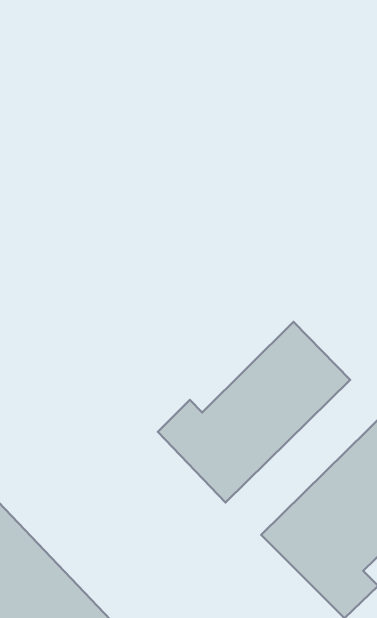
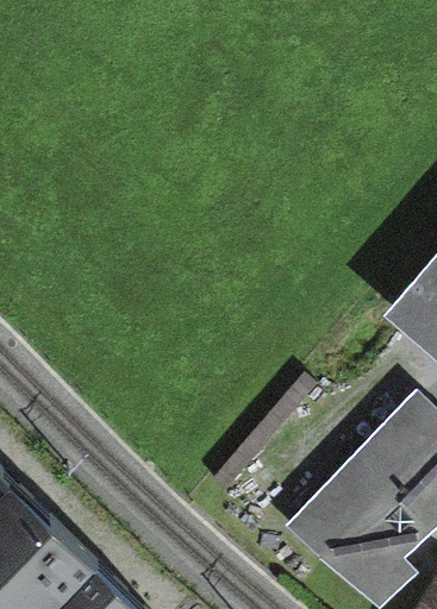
building: [158,322,350,502] -> none

